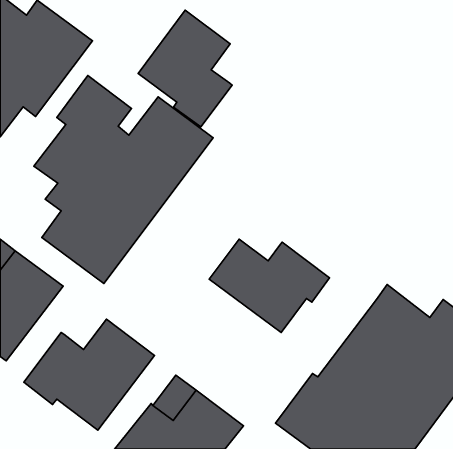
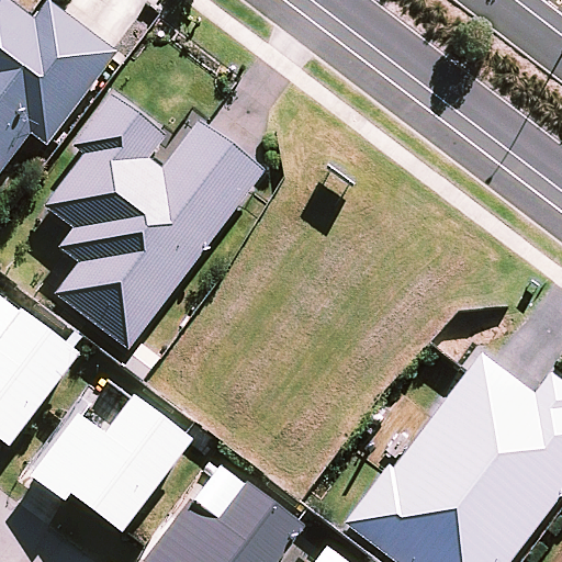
building: [138,10,232,127] -> none
building: [209,239,329,333] -> none

